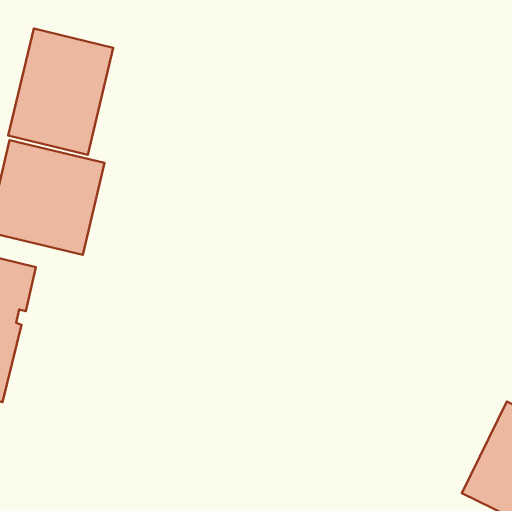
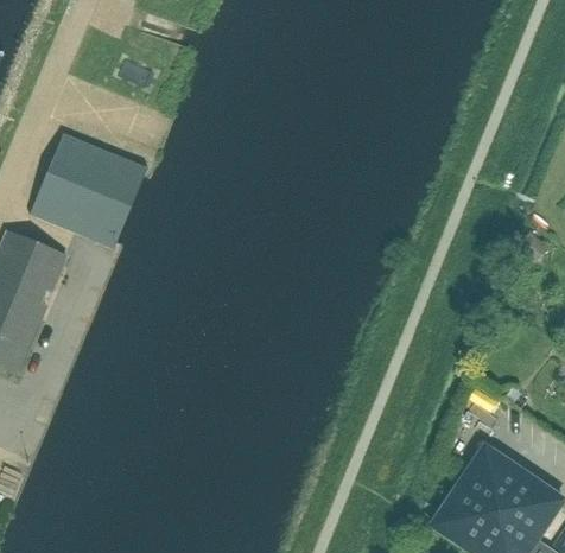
building: [8,29,113,155] -> none

